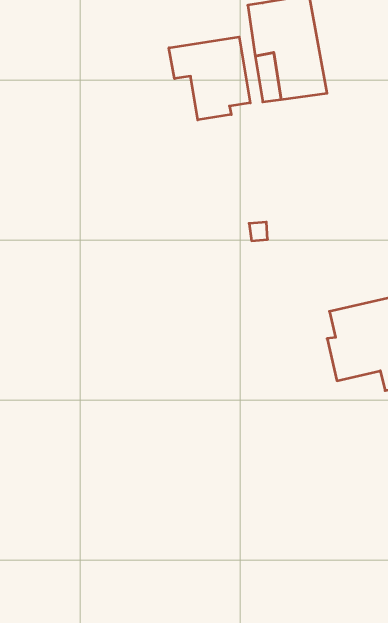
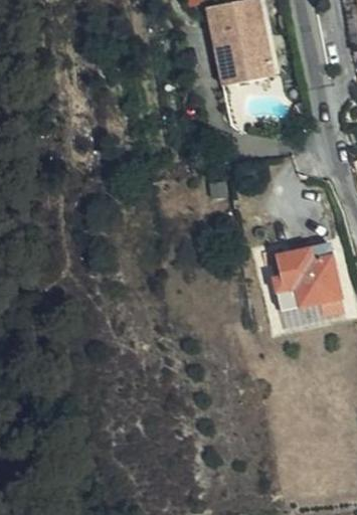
building: [169,37,250,120] -> none

